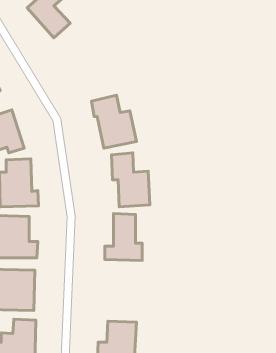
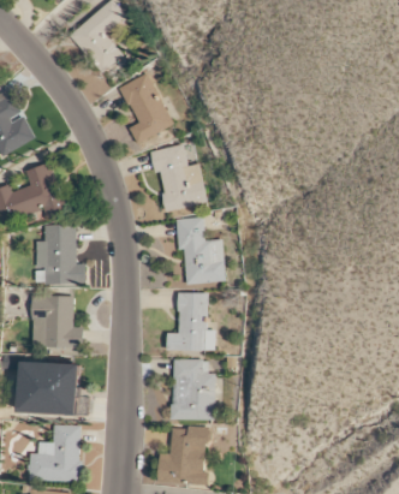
building: none -> [118,72,173,143]
building: none -> [172,359,215,419]

